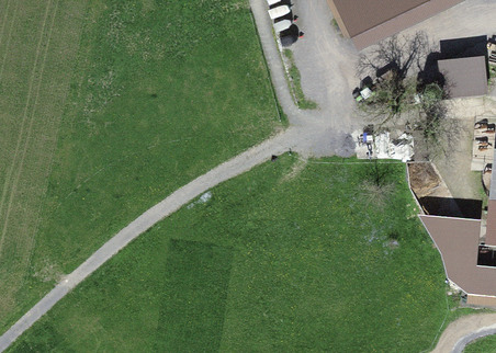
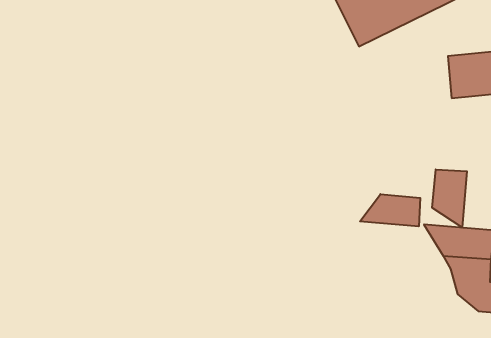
building: none -> [432,169,467,228]
building: none -> [360,194,420,226]

